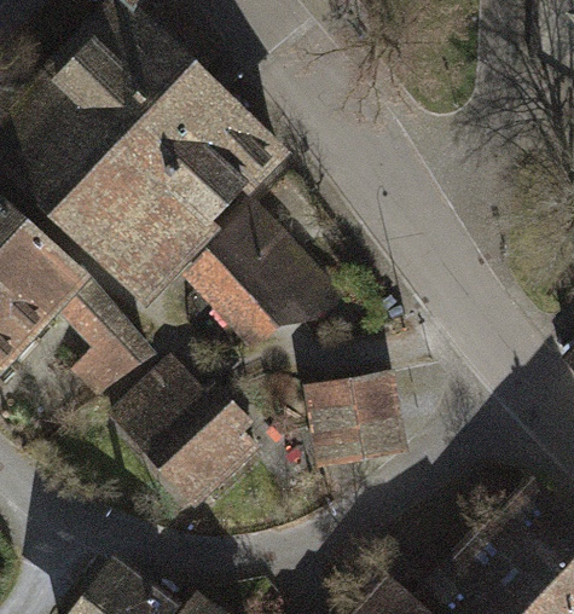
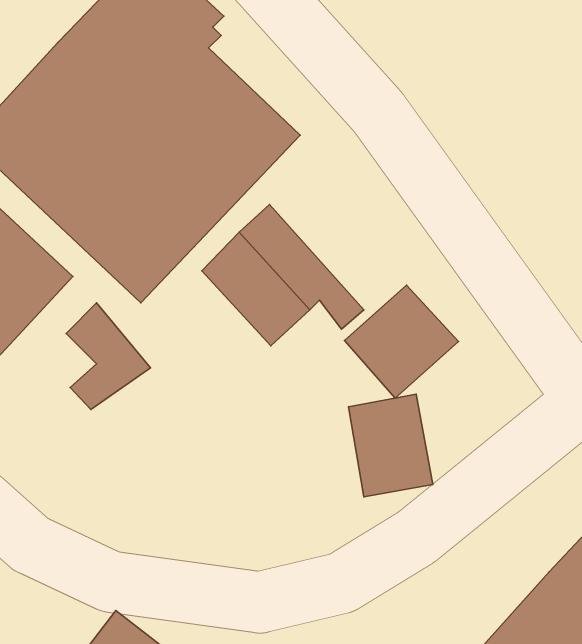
building: none -> [344,285,458,398]
building: [115,365,257,506] -> none

